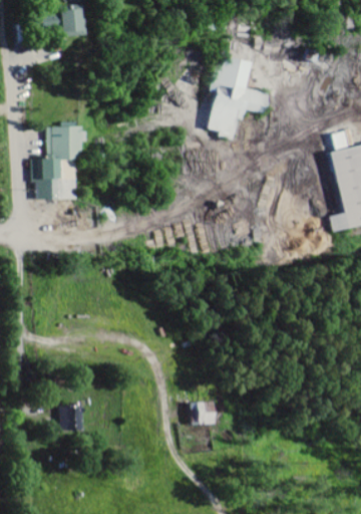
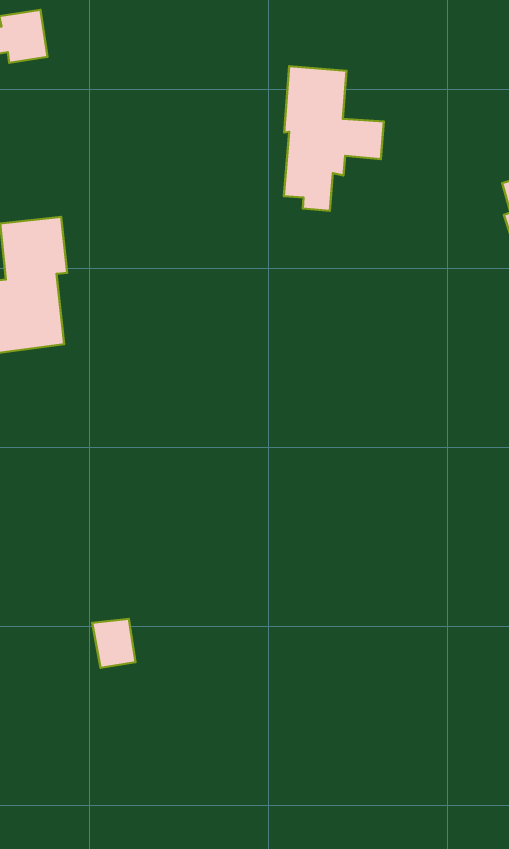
building: [193,402,218,424] -> none
building: [62,406,84,432] -> [92,619,135,668]

